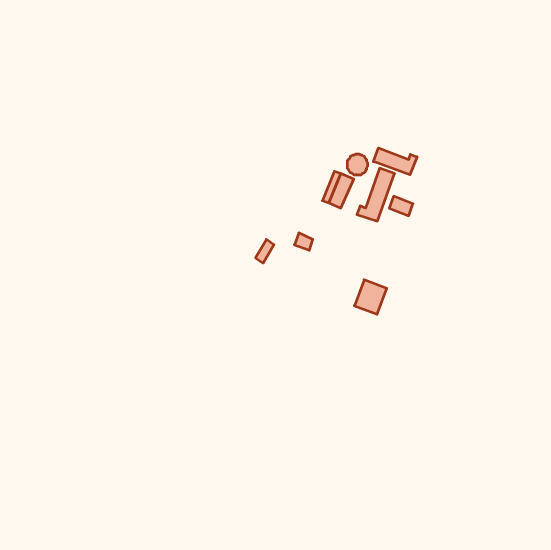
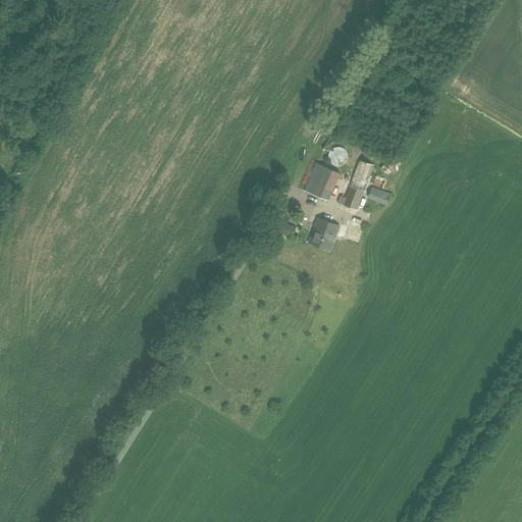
building: [373,148,417,175] -> none
building: [354,280,387,314] -> [309,217,340,250]

